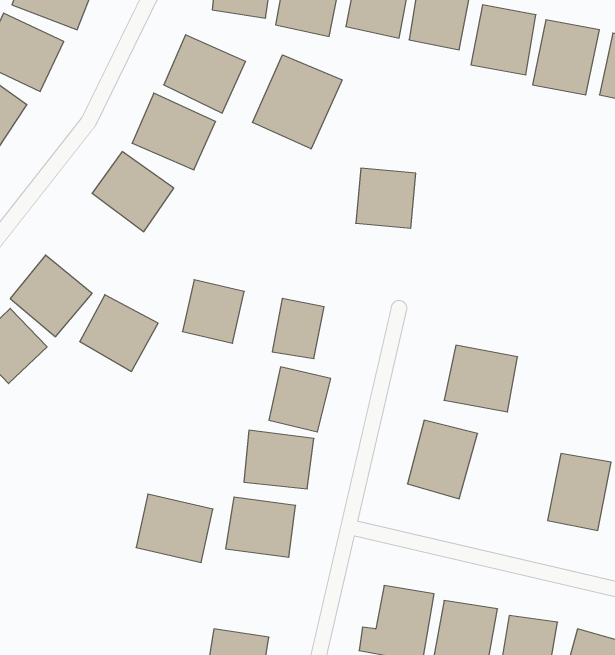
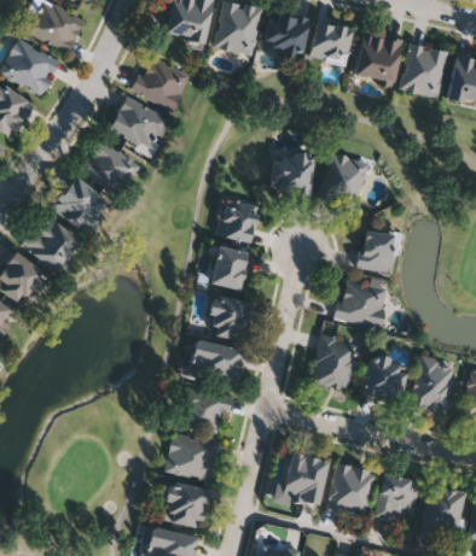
building: [253,55,342,149] -> none
building: none -> [318,152,368,207]
building: none -> [360,230,395,271]
building: [182,280,244,343] -> [215,197,260,242]
building: [80,295,158,371] -> [53,177,110,233]
building: none -> [362,355,410,402]
building: [136,494,213,562] -> [164,432,220,481]

